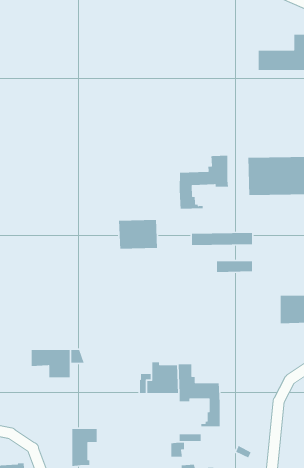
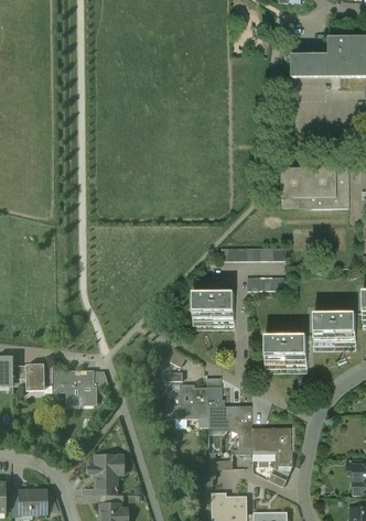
building: [179,155,229,210] -> none
building: [118,219,158,249] -> [192,292,234,324]
building: none -> [265,336,306,367]
building: none -> [24,365,51,388]
building: none -> [251,427,291,466]

